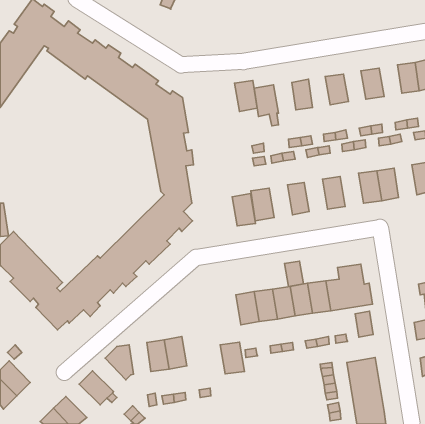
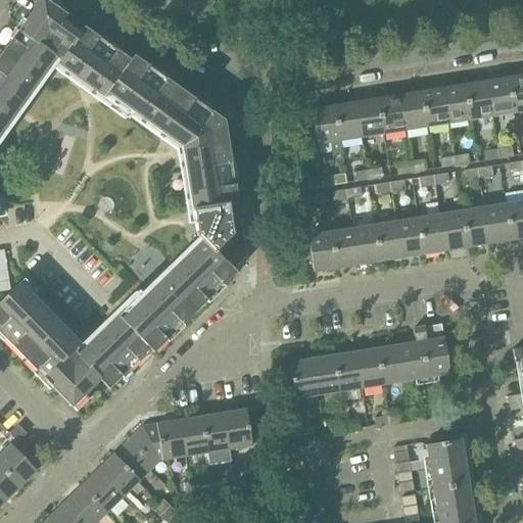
building: none -> [466,80,493,118]
building: none -> [422,87,449,125]
building: none -> [379,94,406,132]
building: [235,81,257,111] -> [336,101,364,139]
building: none -> [484,202,512,242]
building: none -> [418,212,446,253]
building: none -> [374,220,402,259]
building: [232,193,255,226] -> [331,227,360,267]
building: [285,261,303,287] -> none
building: [355,311,373,337] -> none
building: [220,342,244,374] -> [224,410,253,448]
building: none -> [159,420,186,459]
building: none -> [114,439,155,480]
building: none -> [82,471,124,512]

